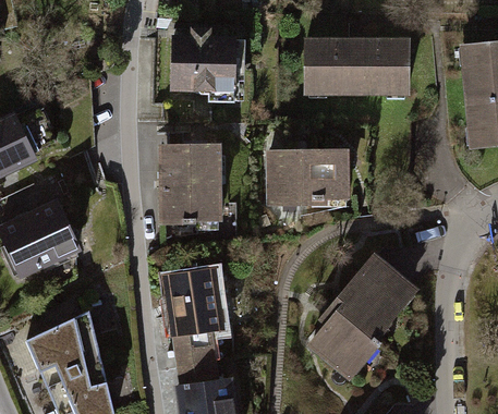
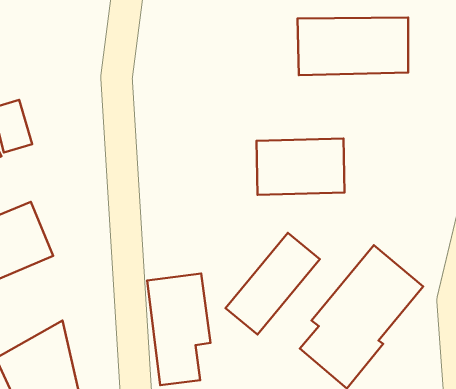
building: [169,36,244,96] -> none
building: [162,142,222,221] -> none
building: none -> [225,233,320,334]

